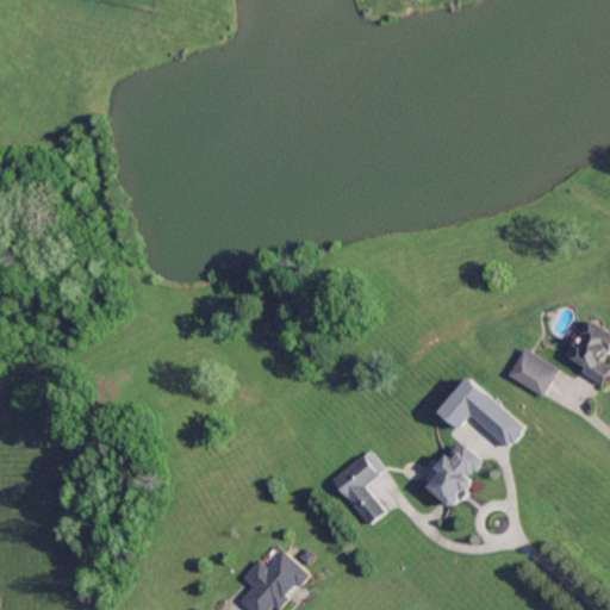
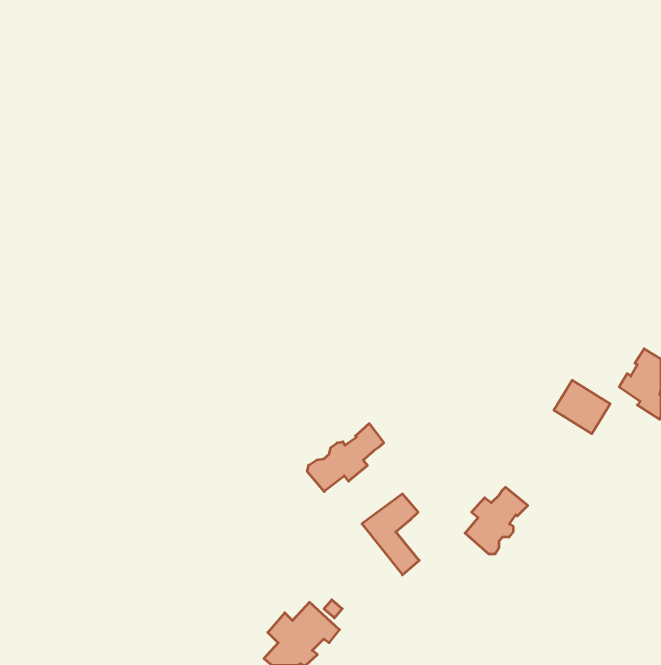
building: [436,378,522,448] -> none
building: none -> [307,424,384,492]

